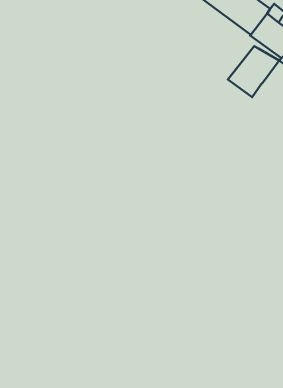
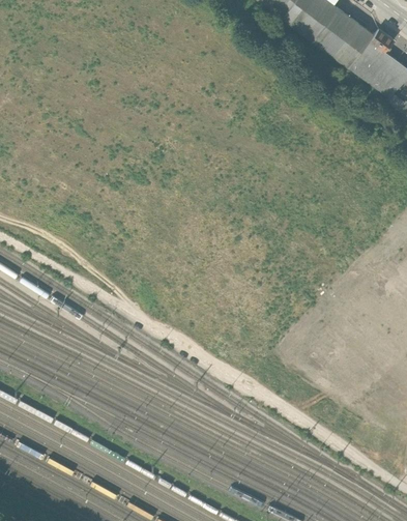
building: [228,46,279,97] -> none

